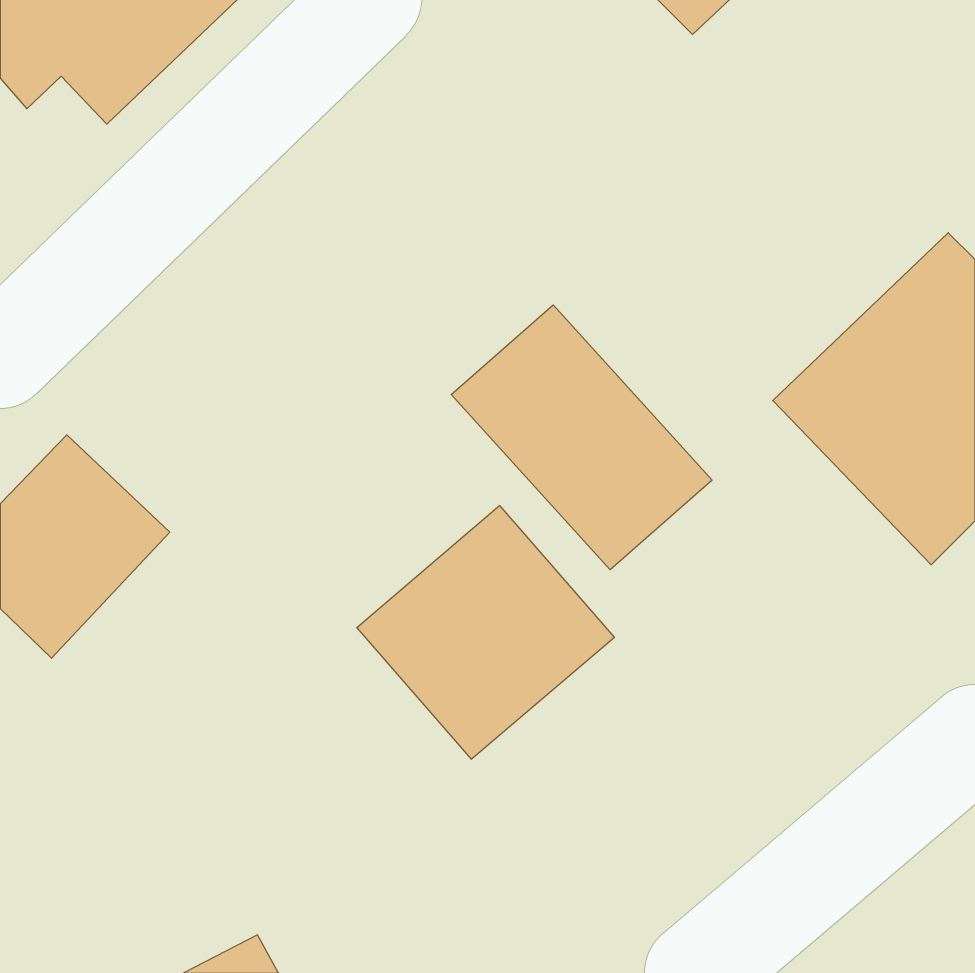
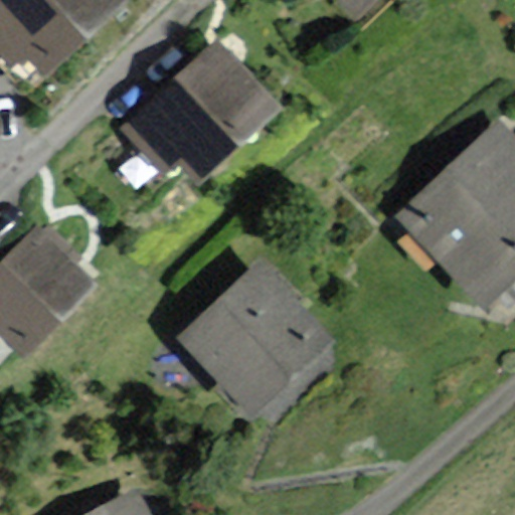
building: none -> [132,42,276,171]
building: [451,305,712,570] -> none

